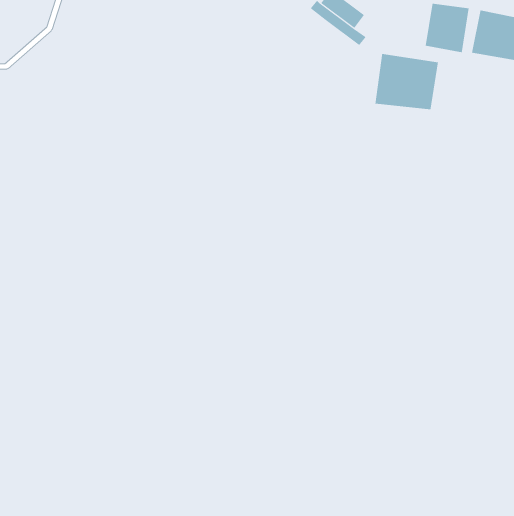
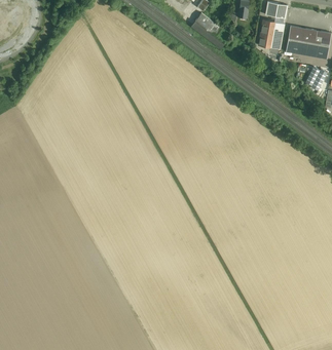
building: [375,53,439,110] -> none

